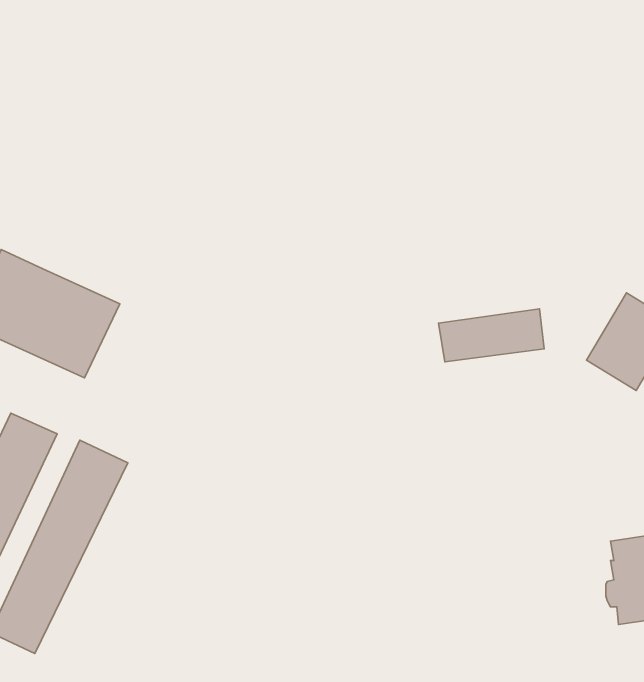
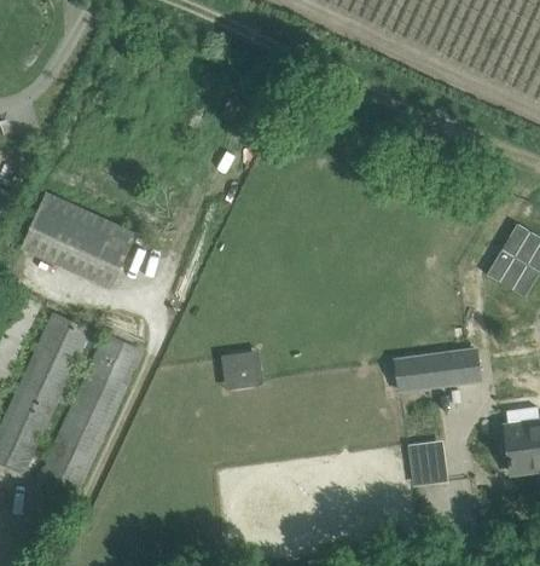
building: [438,309,544,362] -> [397,350,477,389]
building: none -> [221,351,263,389]
building: none -> [405,439,443,486]

